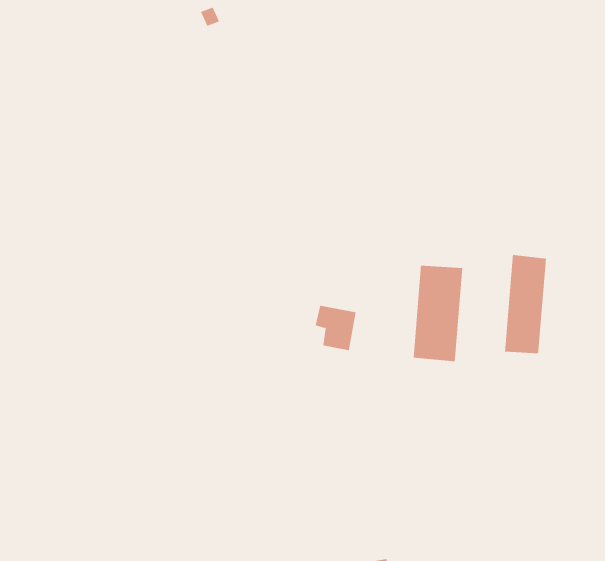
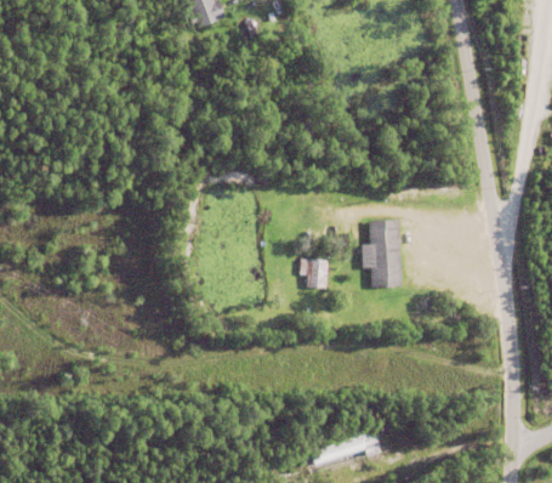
building: [504,254,547,354] -> none

